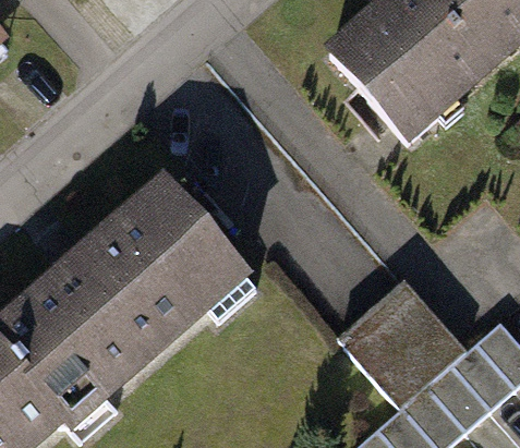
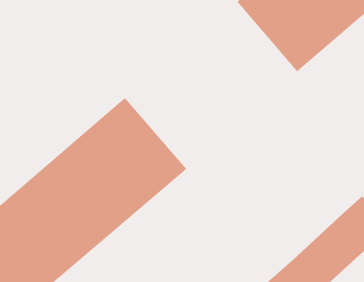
building: [346,284,458,396] -> none

